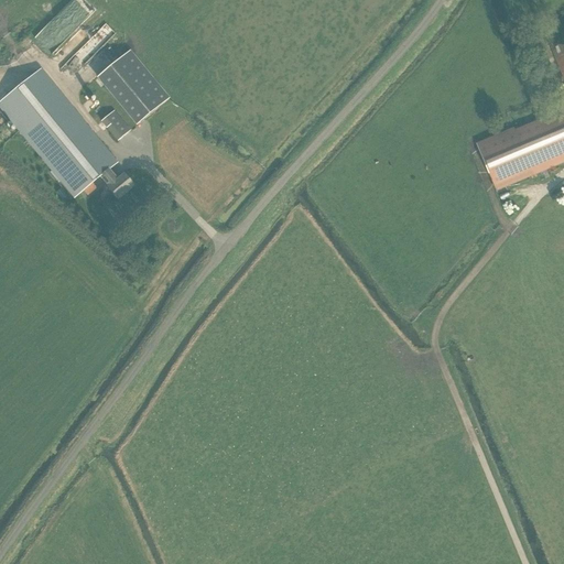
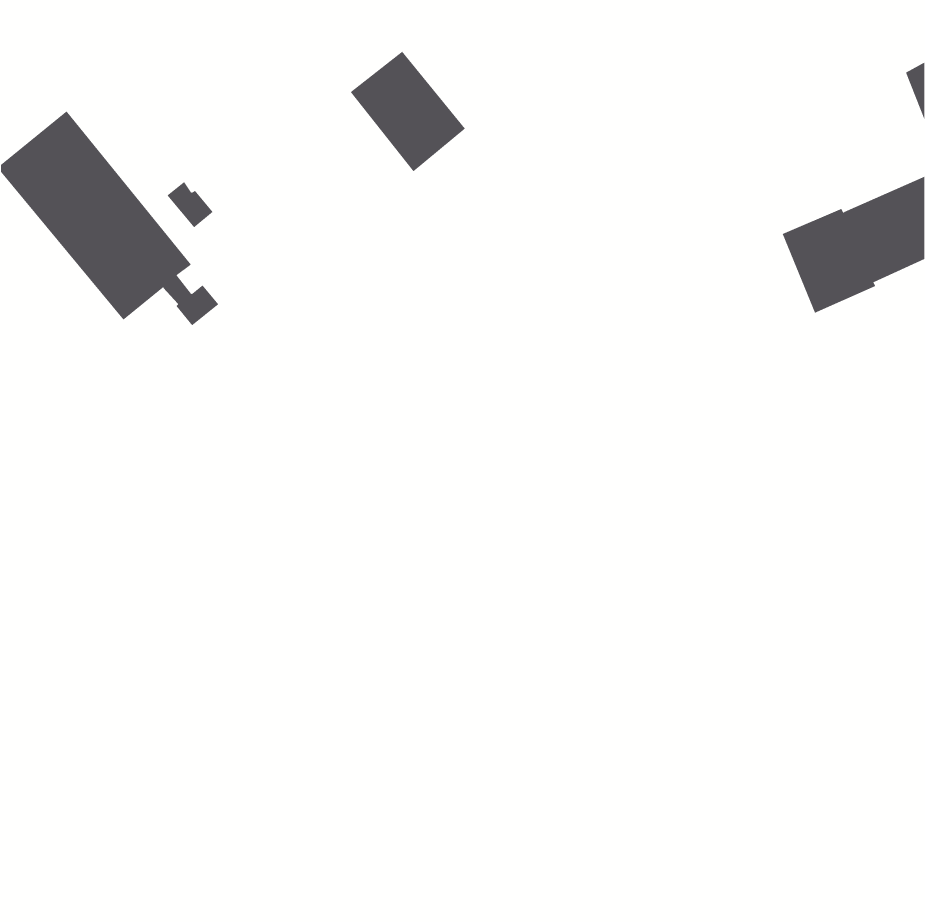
building: [34,11,80,57] -> none
building: [97,51,167,124] -> [350,51,466,172]

